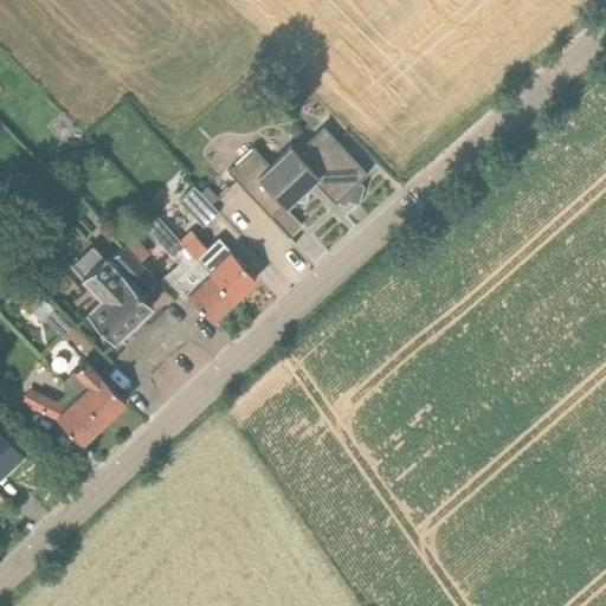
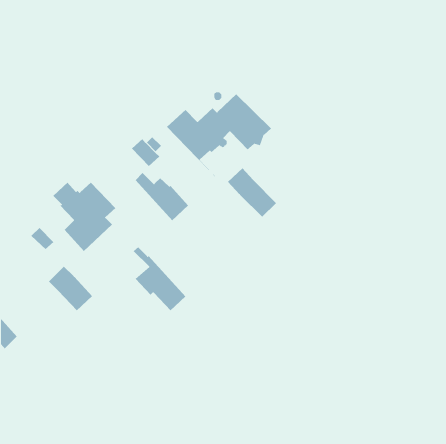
building: none -> [227,168,277,218]
building: [162,236,234,323] -> [133,247,186,311]
building: [32,393,105,446] -> none

